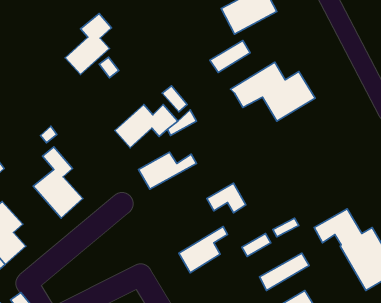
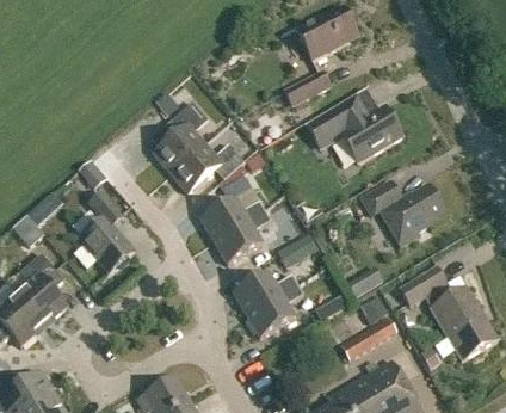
building: [65,13,112,74] -> [153,103,206,173]
building: none -> [360,179,446,245]
building: none -> [211,211,271,264]
building: none -> [232,271,296,315]

